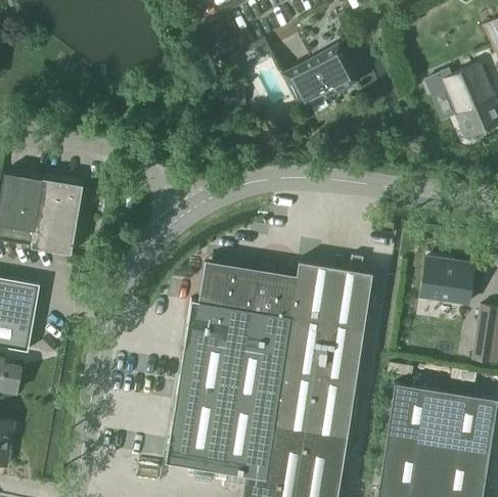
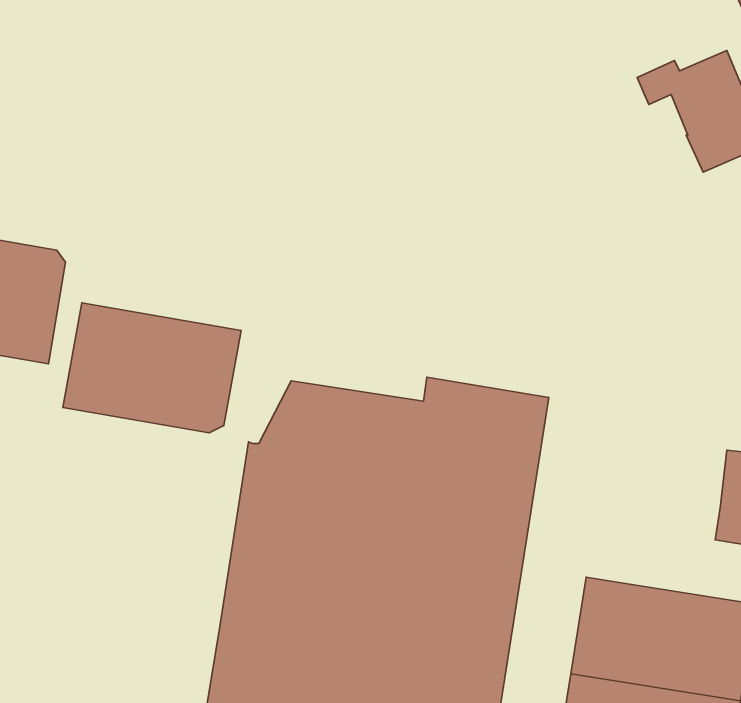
building: [284,47,357,109] -> none
building: none -> [63,303,241,433]
building: [419,260,472,304] -> none

